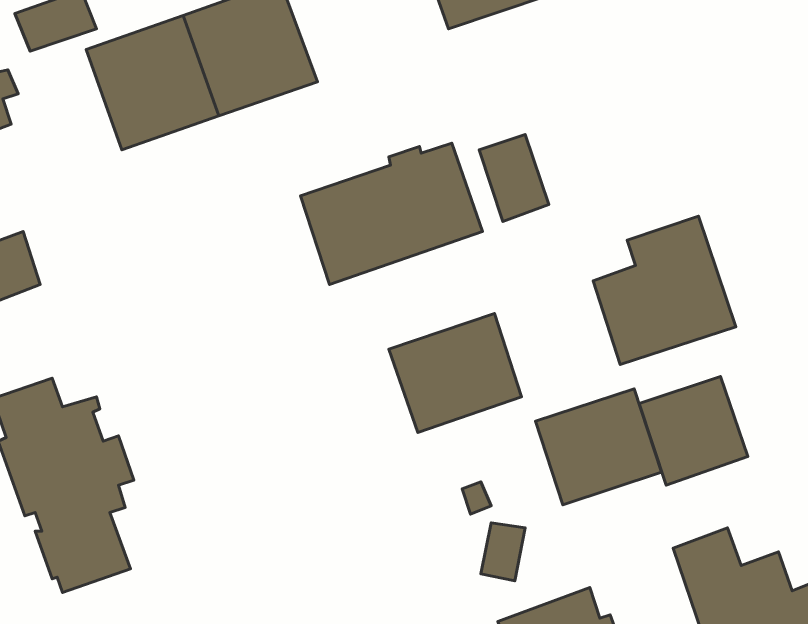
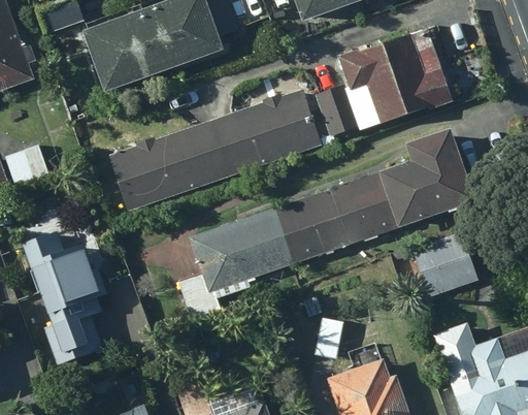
building: none -> [338,27,453,122]
building: none -> [110,121,226,209]
building: none -> [191,214,279,288]
building: [536,389,661,505] -> [326,172,402,243]

